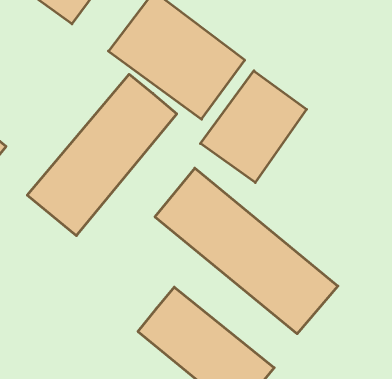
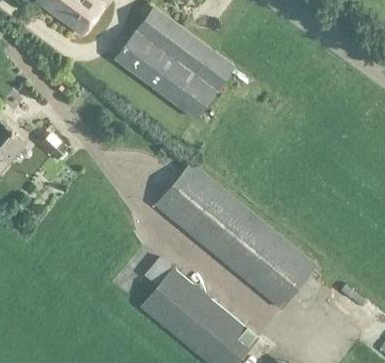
building: [200,71,307,183] -> none
building: [27,74,177,236] -> none

